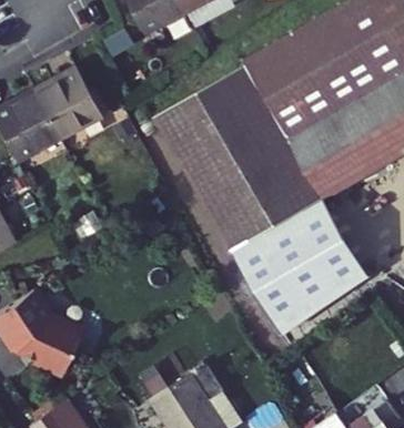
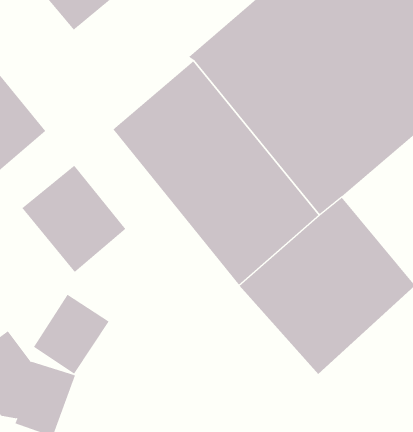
building: none -> [21,165,126,273]
building: none -> [33,294,110,375]

